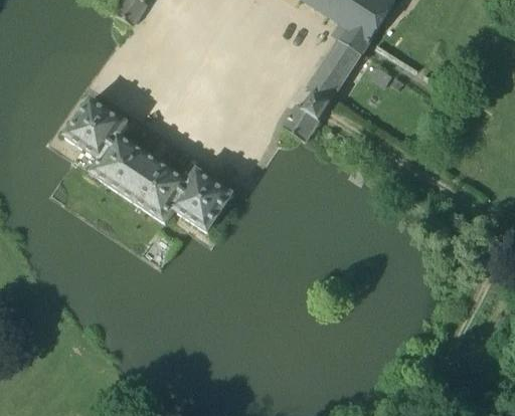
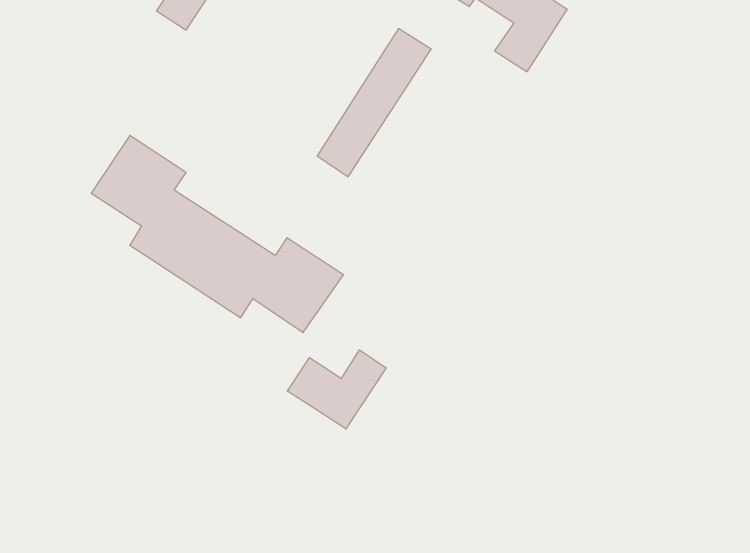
building: [283,39,360,140] -> [317,29,431,177]
building: none -> [287,350,386,429]

